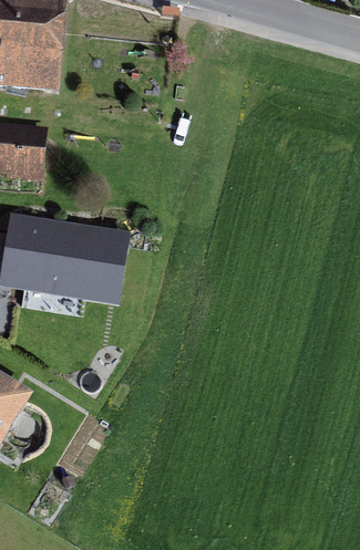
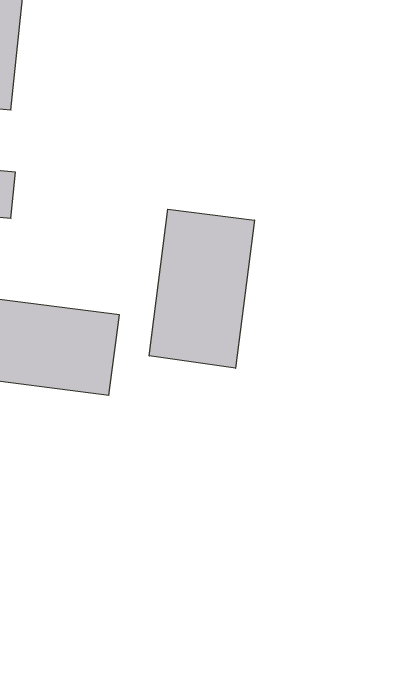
building: none -> [149,209,254,368]

